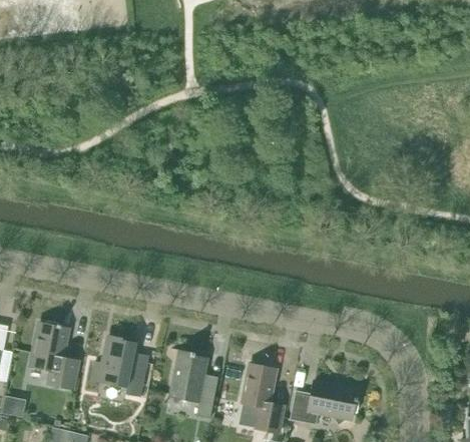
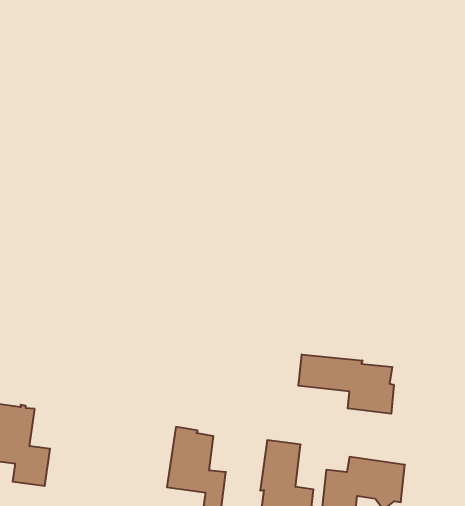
building: none -> [298,354,394,414]
building: [91,336,148,397] -> none

